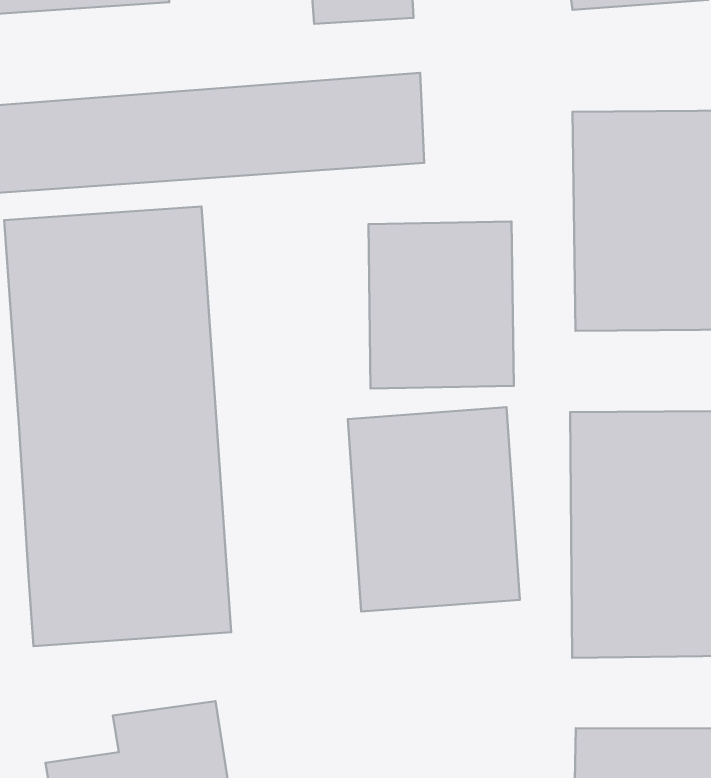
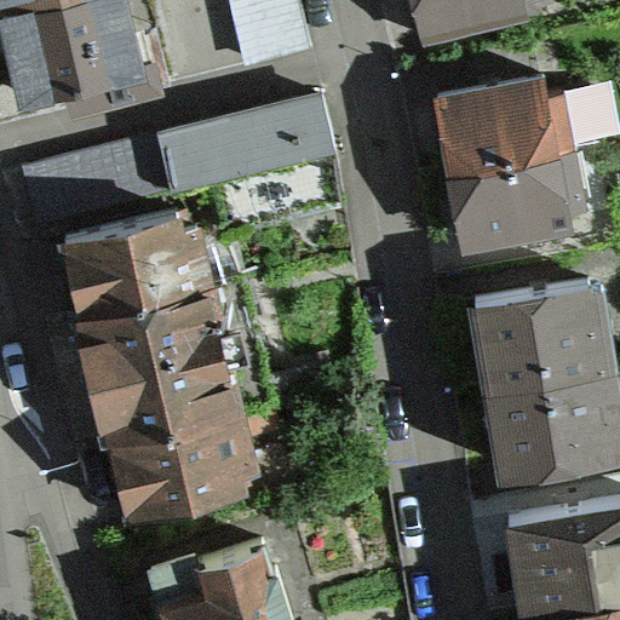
building: [368,222,514,388] -> none
building: [348,407,520,611] -> none

